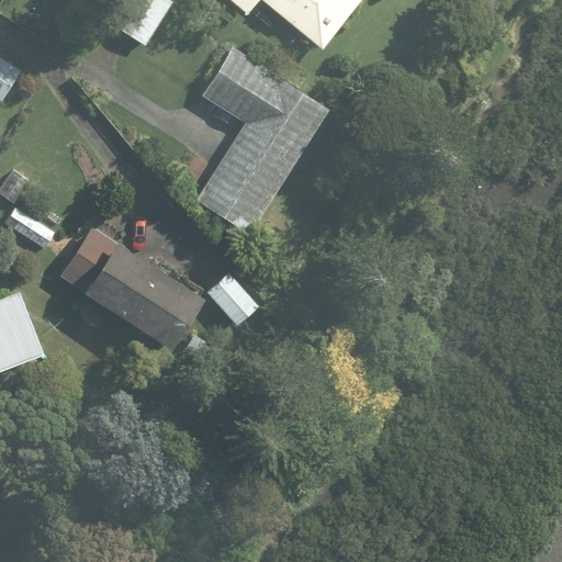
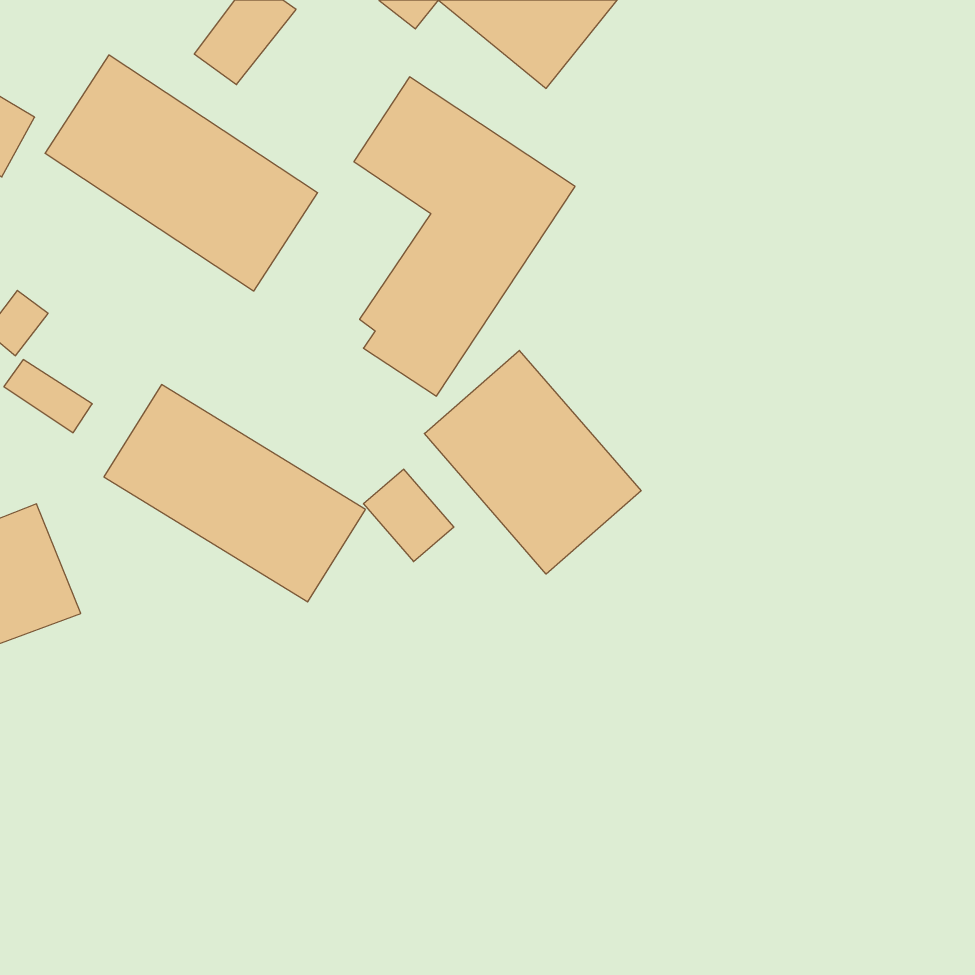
building: none -> [45,55,318,291]
building: none -> [424,350,641,574]

